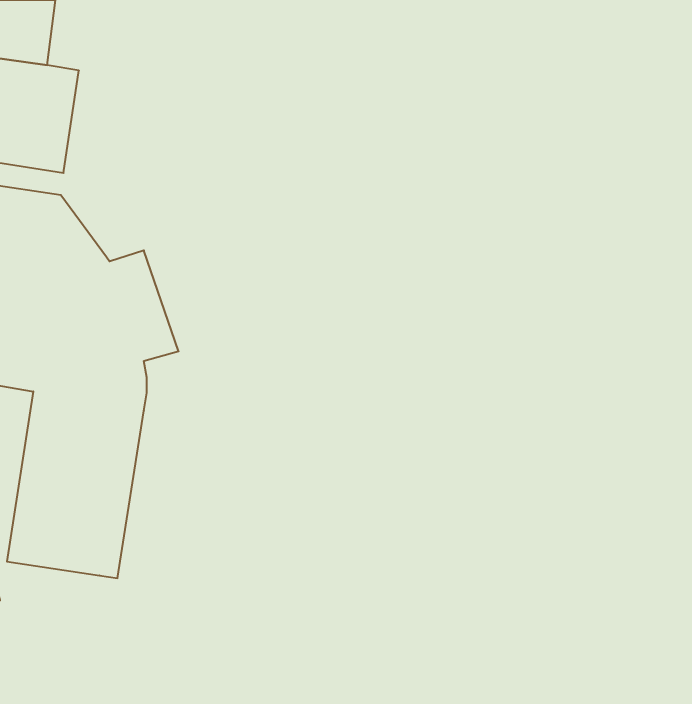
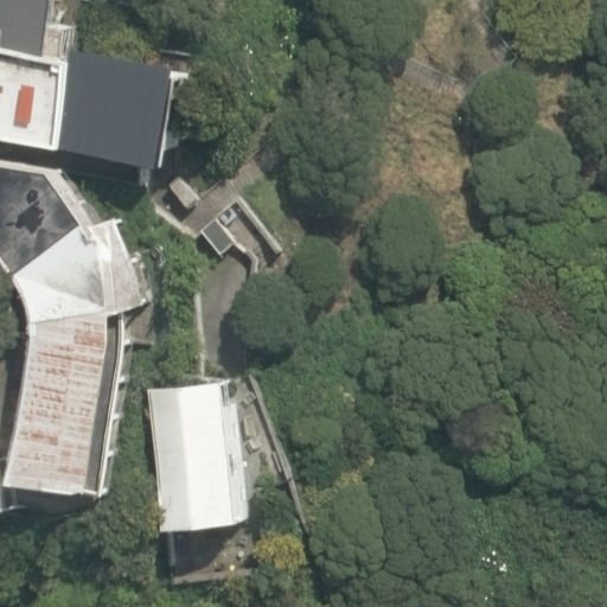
building: none -> [55,49,180,167]
building: none -> [143,382,236,532]

